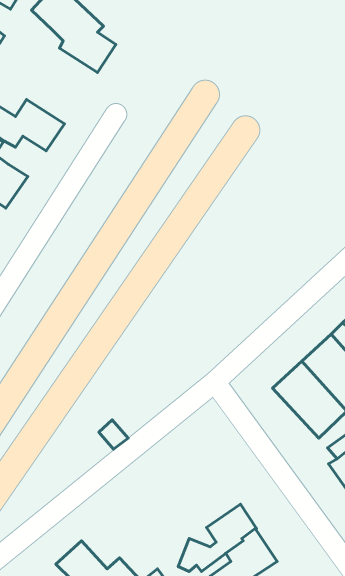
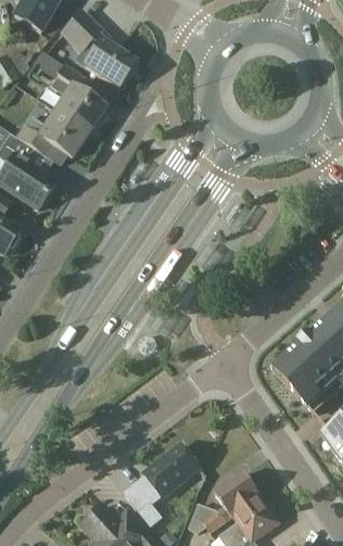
building: none -> [49,64,105,135]
building: none -> [124,444,200,513]

